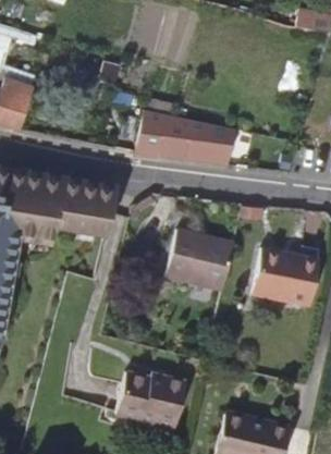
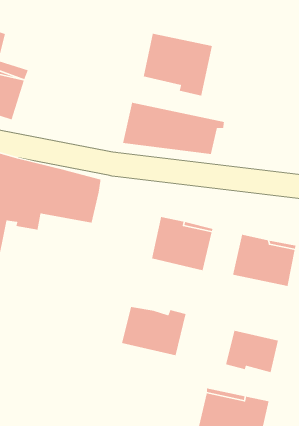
building: none -> [143,33,213,96]
building: none -> [225,330,279,373]
building: [117,375,185,427] -> [121,306,186,356]

